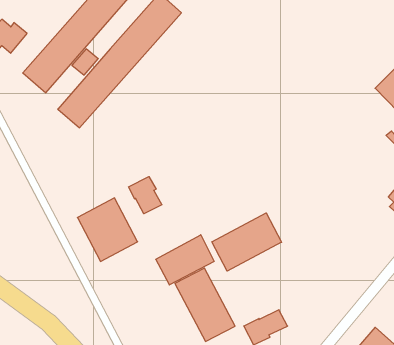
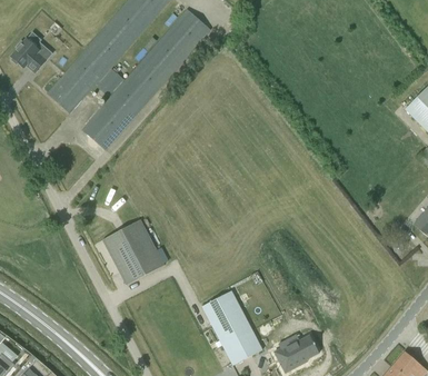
building: [129,177,162,214] -> none
building: [212,213,282,271] -> none
building: [156,235,214,285] -> none

